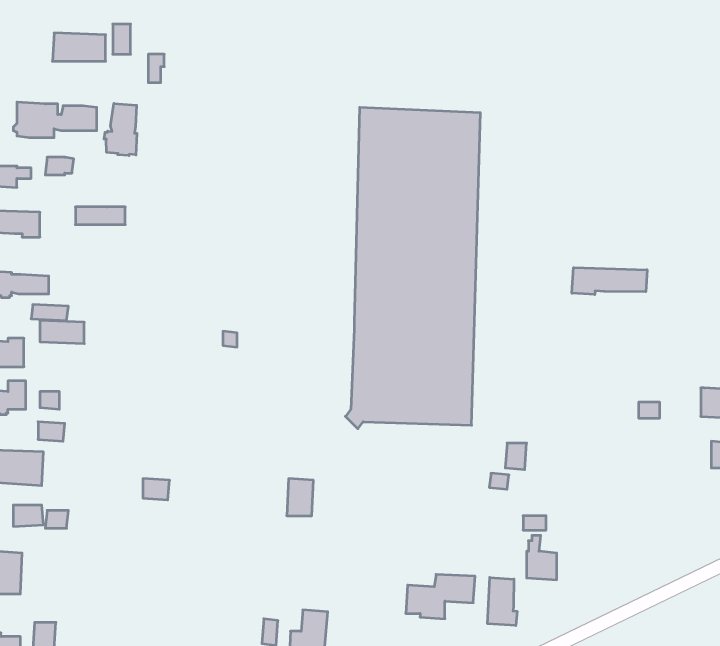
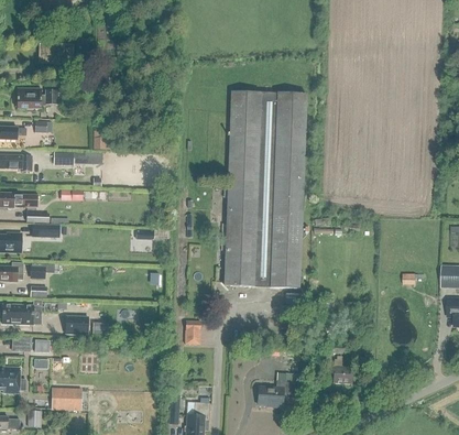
building: [104,103,137,156] -> none
building: [572,268,647,295] -> none
building: none -> [64,315,88,335]
building: [488,577,517,626] -> none
building: none -> [52,385,79,410]

